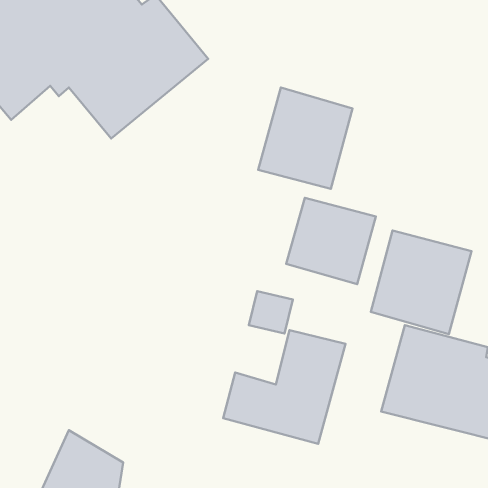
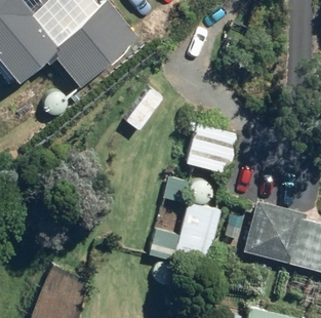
building: [258,88,352,189] -> none
building: [371,231,472,334] -> none

